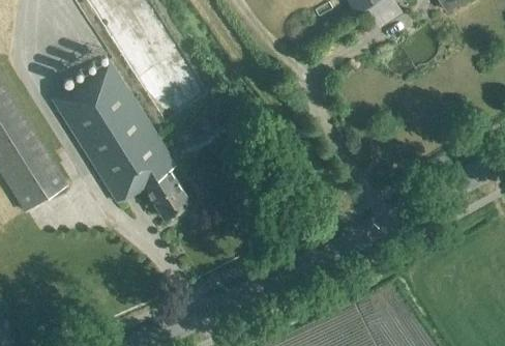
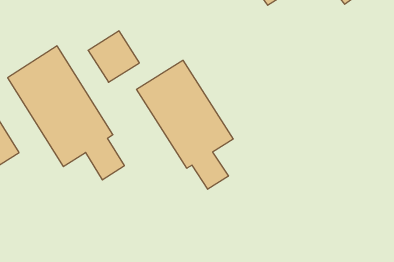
building: none -> [137,60,233,189]

